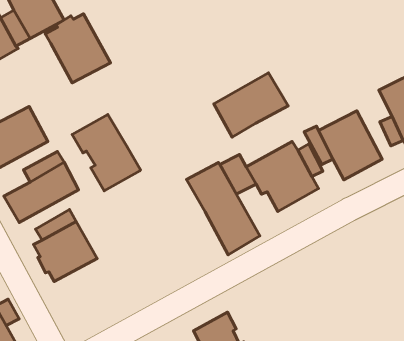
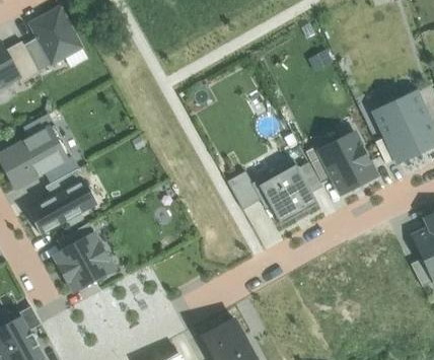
building: [45,14,110,83] -> none
building: [214,73,288,137] -> none
building: [72,115,140,191] -> none
building: [186,162,260,255] -> none

